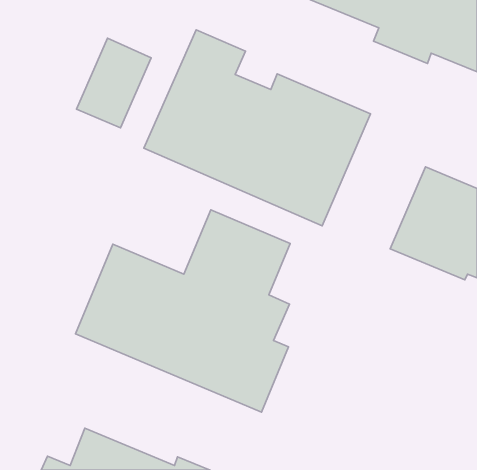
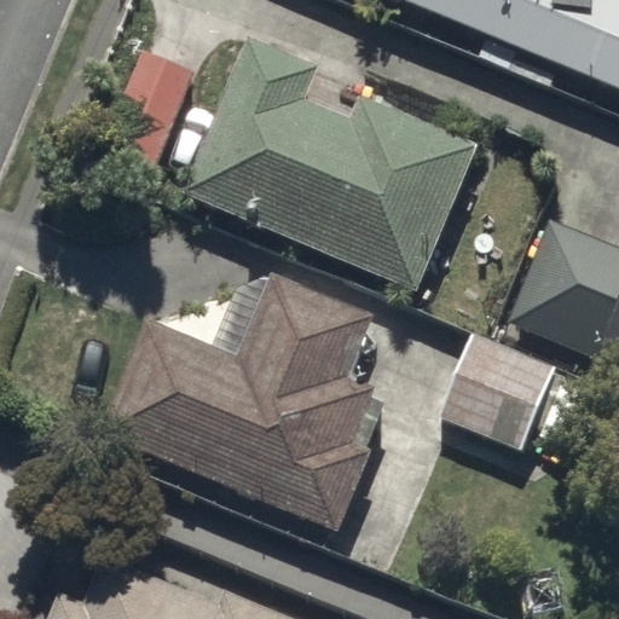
building: none -> [438,332,574,453]

